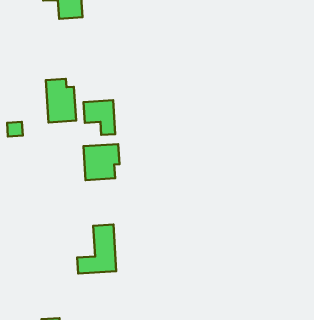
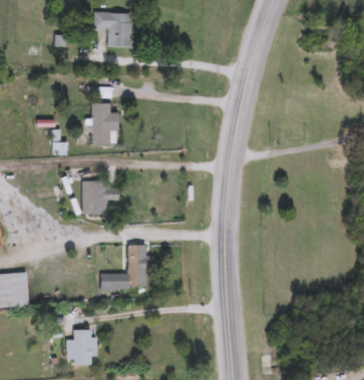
building: [84,100,115,135] -> none
building: [83,144,120,180] -> [83,181,116,214]

